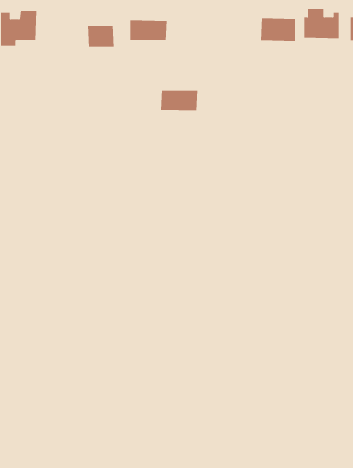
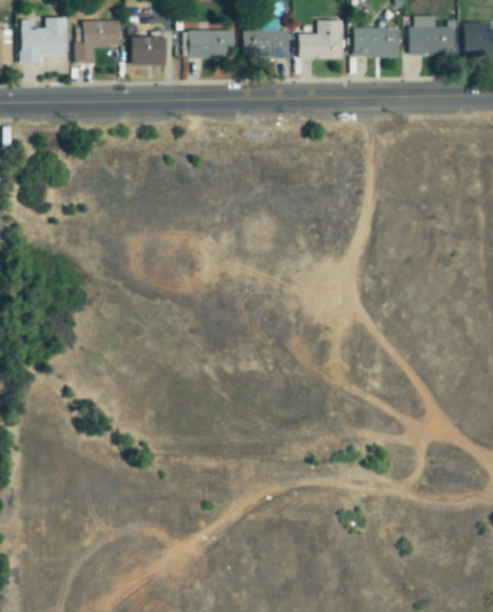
building: none -> [75,19,121,62]
building: none -> [299,19,344,58]
building: [160,90,198,111] -> [241,29,290,56]

